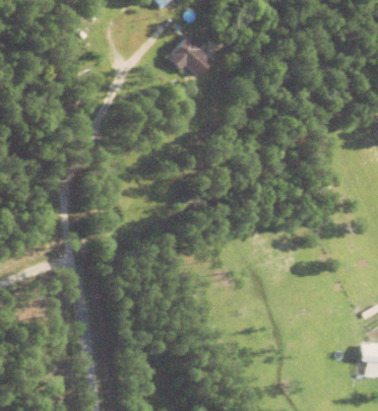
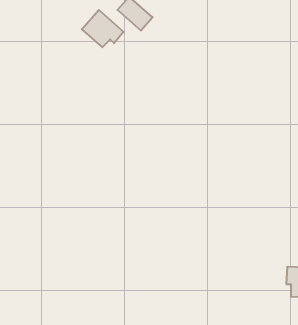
building: none -> [82,10,124,47]

